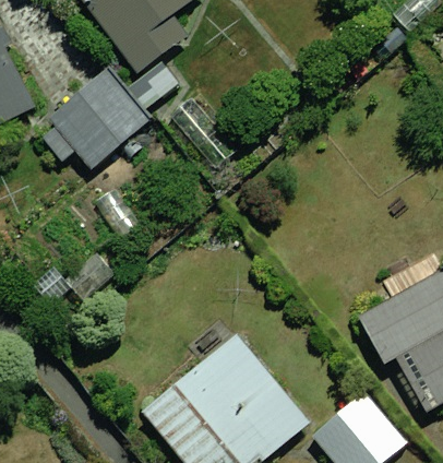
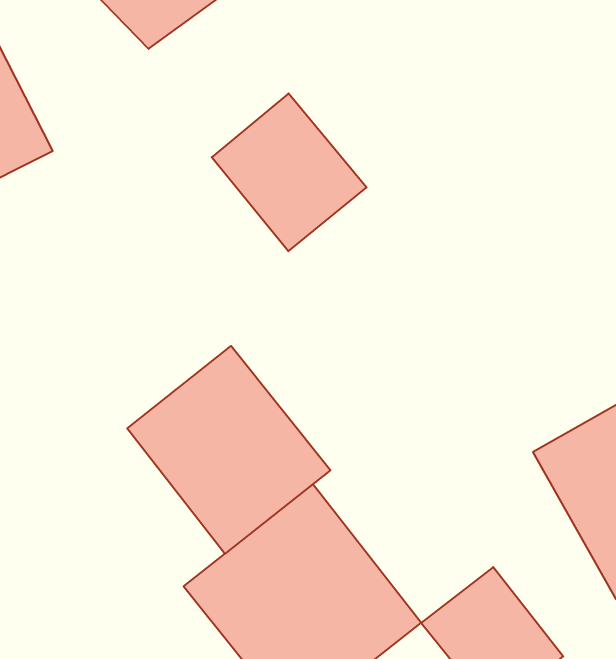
building: [45,70,151,178] -> [212,93,367,251]
building: none -> [127,346,330,554]

